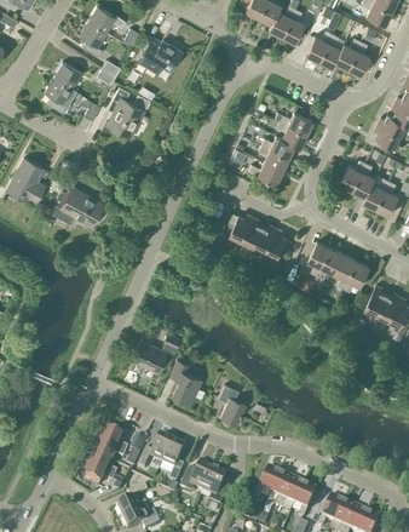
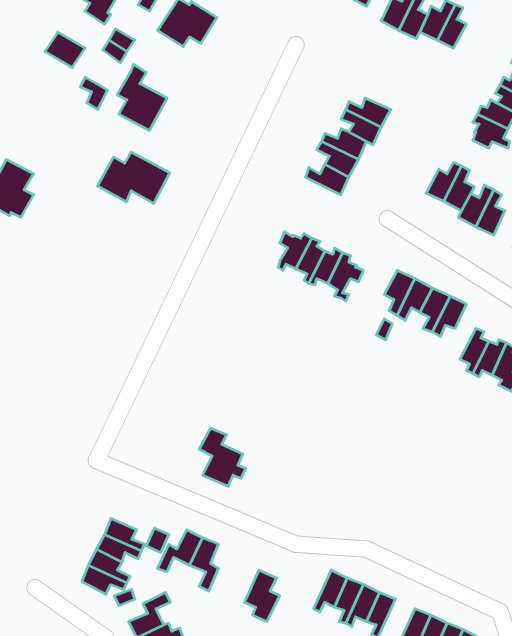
building: [44,76,77,111] -> none
building: [50,185,104,224] -> [97,152,170,204]
building: [131,332,182,373] -> none
building: [219,384,246,424] -> none
building: [180,461,214,492] -> none

